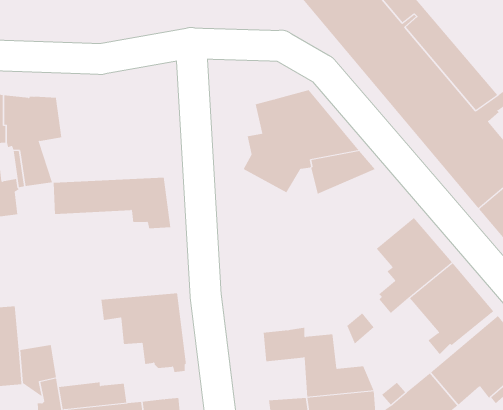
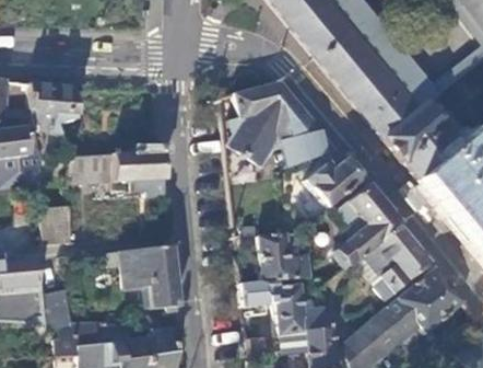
building: none -> [305,159,360,206]
building: none -> [42,207,71,246]
building: none -> [236,232,310,278]

